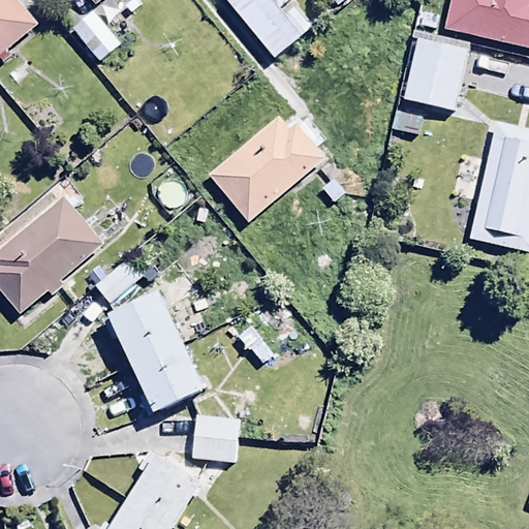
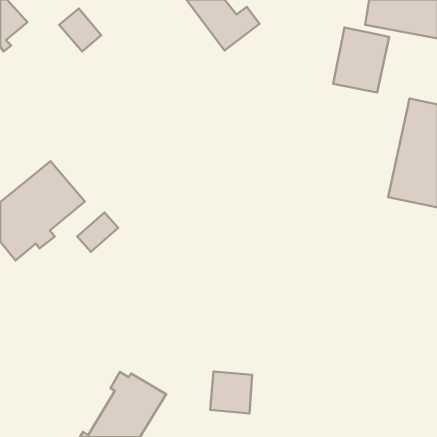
building: [211,117,322,221] -> none
building: [112,292,206,412] -> none
building: [188,414,239,465] -> [210,371,252,413]

